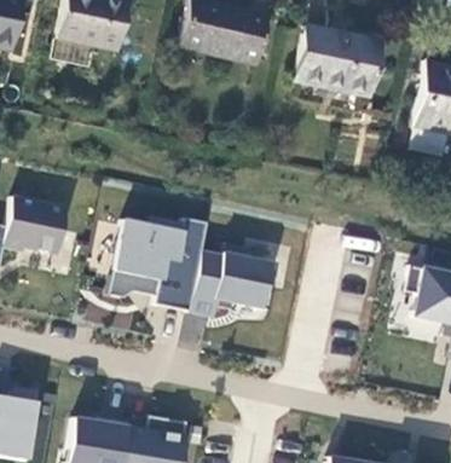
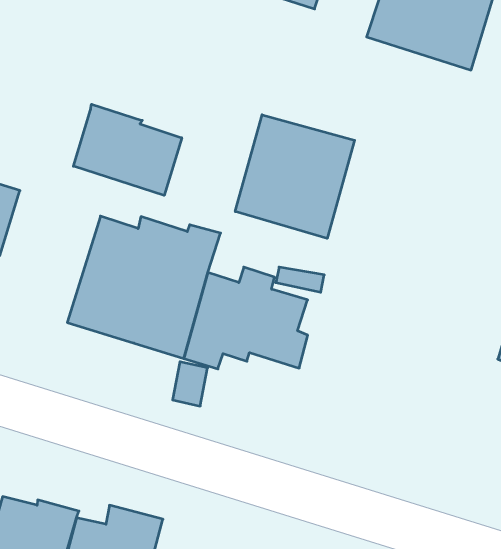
building: none -> [235,115,355,238]
building: none -> [73,104,182,195]

